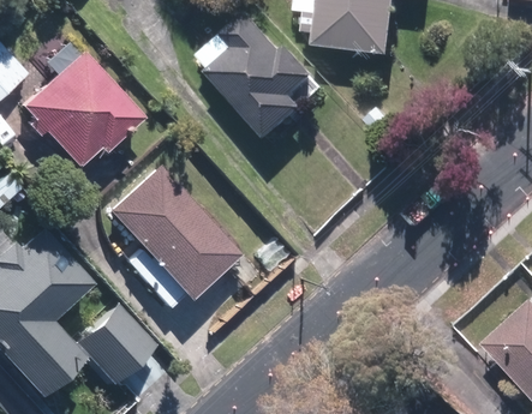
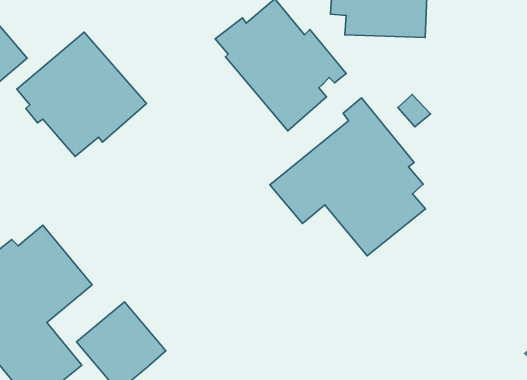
building: none -> [270,98,425,256]
building: [108,164,235,302] -> none

